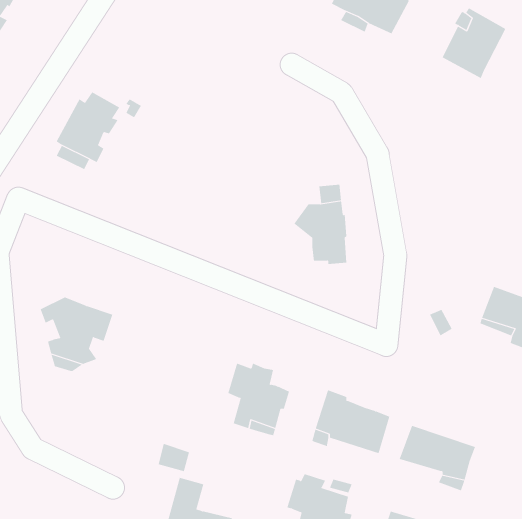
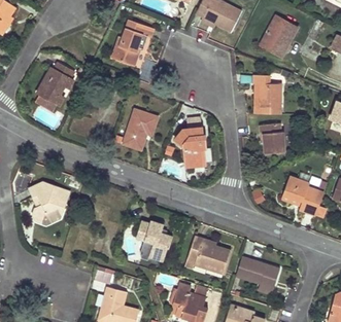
building: none -> [113,20,154,64]
building: none -> [253,75,281,114]
building: none -> [123,109,158,150]
building: none -> [260,123,285,152]

